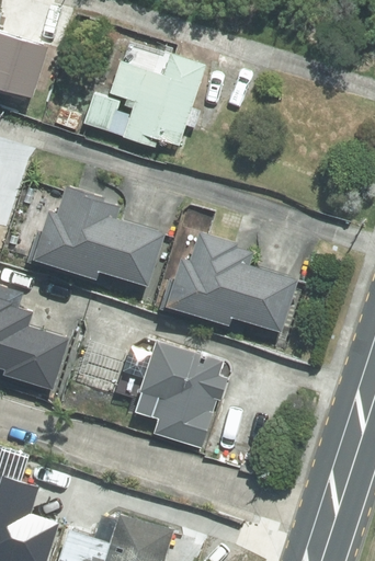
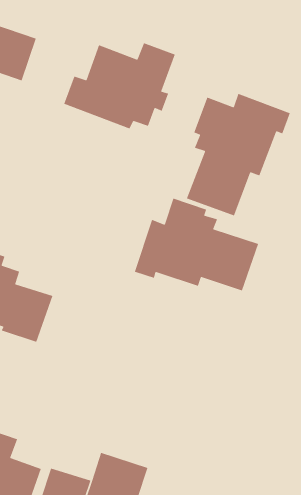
building: none -> [186,93,291,217]
building: [30,184,168,287] -> none
building: [118,341,226,453] -> none

